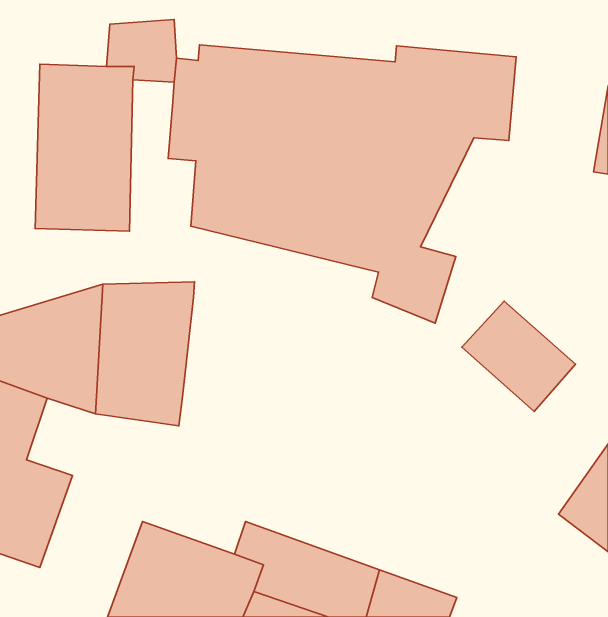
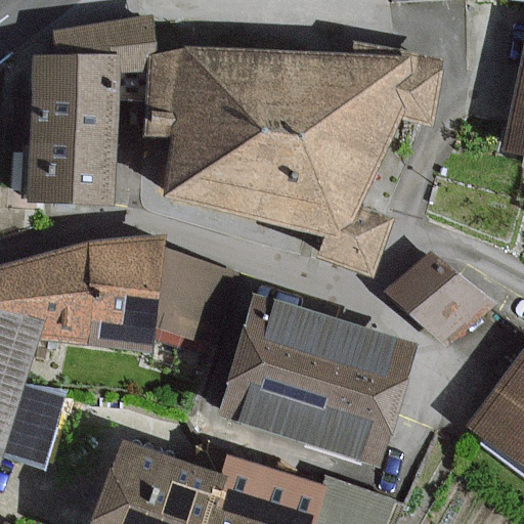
building: none -> [155,252,219,350]
building: none -> [217,302,407,465]

